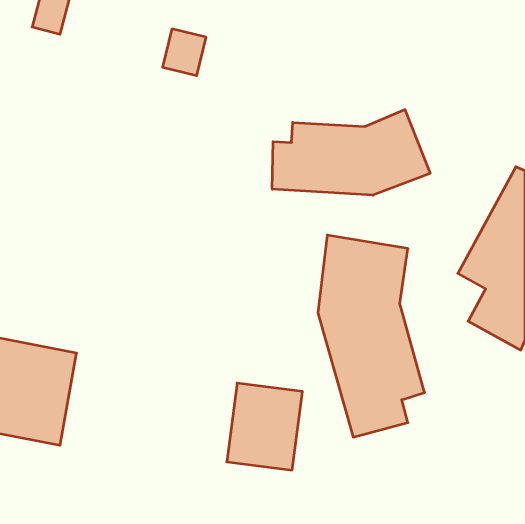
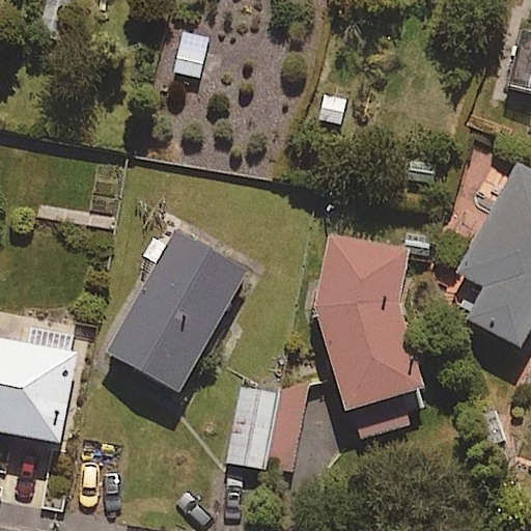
building: [272,110,430,195] -> none
building: none -> [103,216,252,389]

